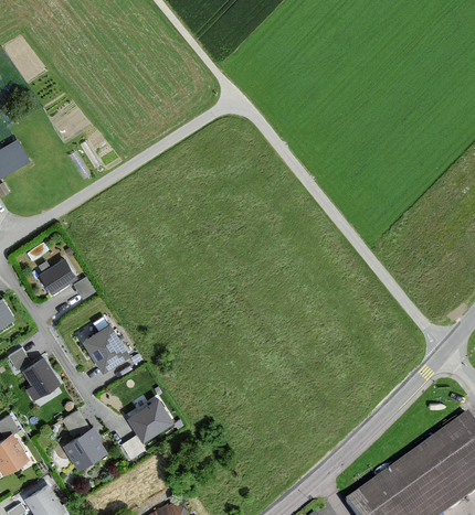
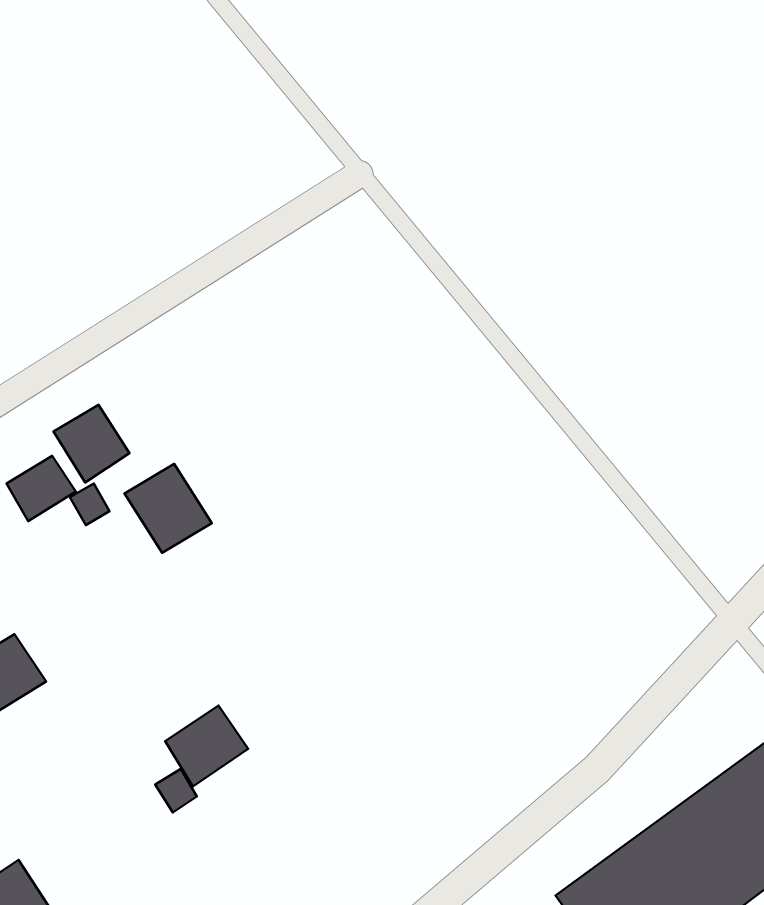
building: none -> [53,405,129,482]
building: [83,322,131,372] -> [125,464,212,553]
building: [62,409,108,471] -> none

